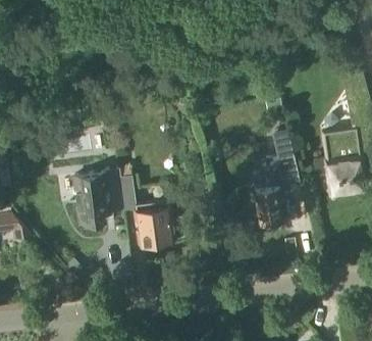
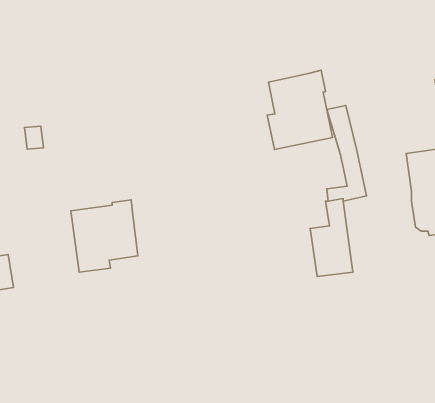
building: none -> [267,70,333,150]
building: [119,179,183,247] -> none

